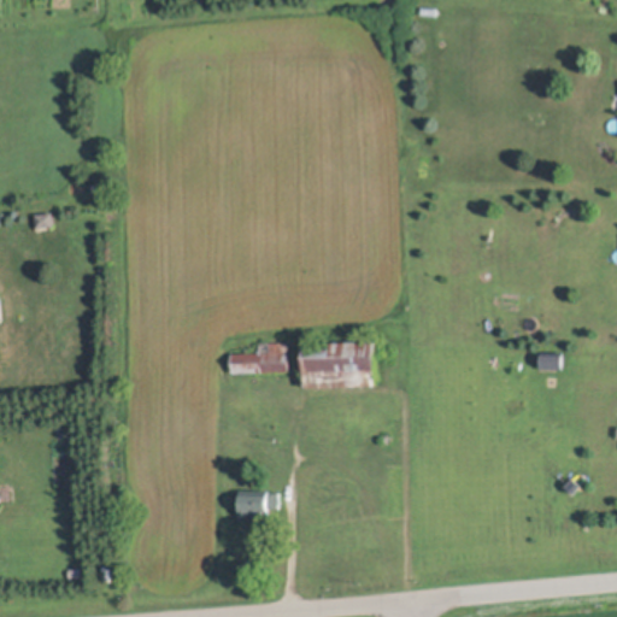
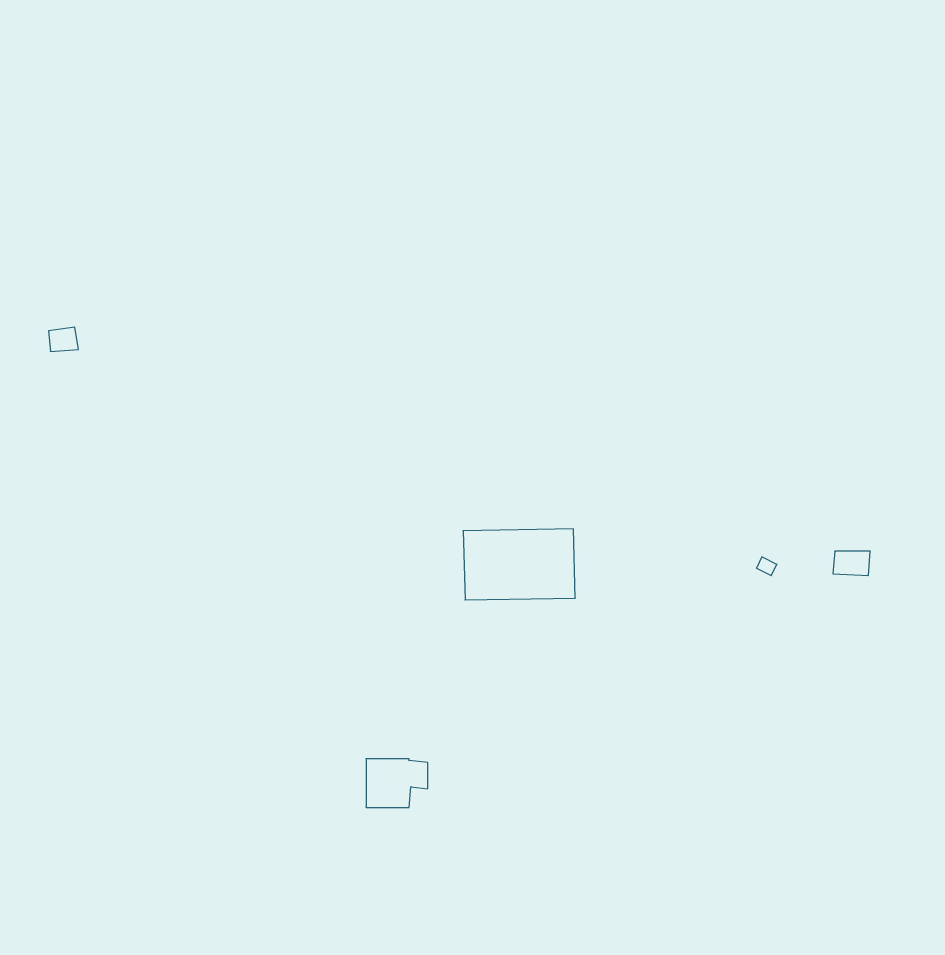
building: [227,341,284,371] -> none

